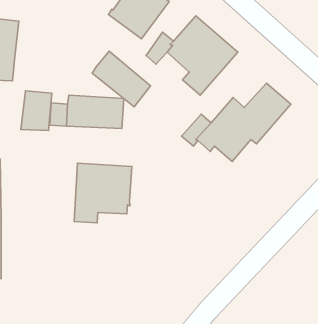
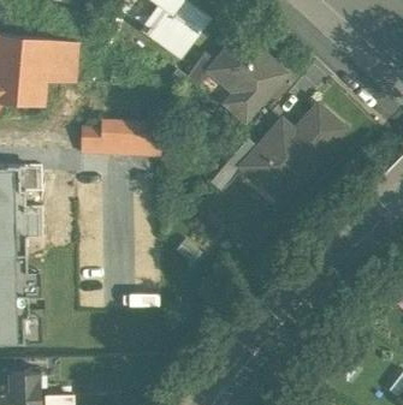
building: [92,51,151,107] -> none
building: [21,91,52,131] -> [43,38,77,82]
building: [74,163,132,223] -> none

